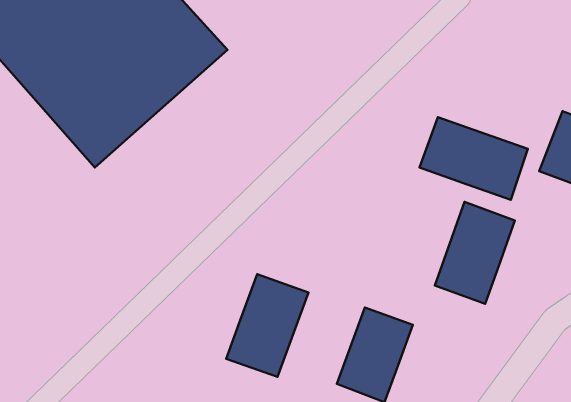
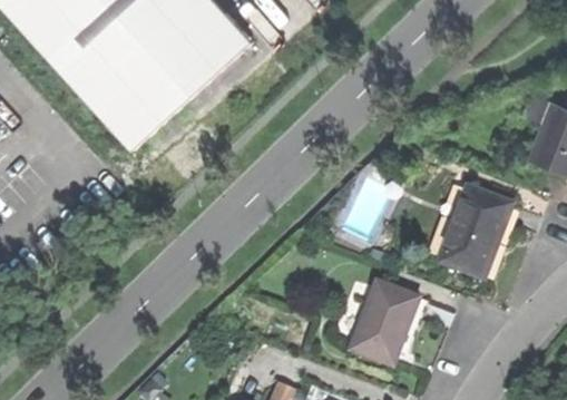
building: [420,117,528,200] -> none
building: [226,274,308,377] -> none

